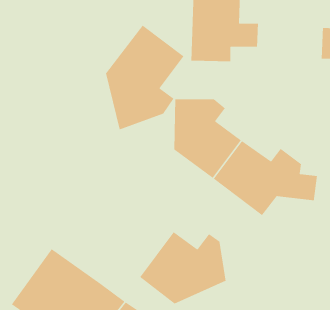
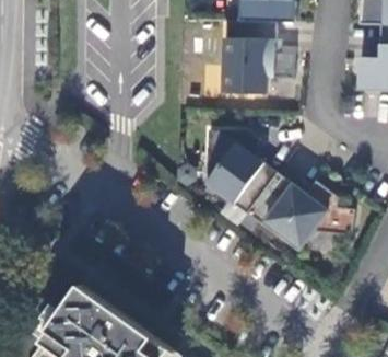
building: [105,25,185,130] -> none
building: [139,231,226,305] -> none

